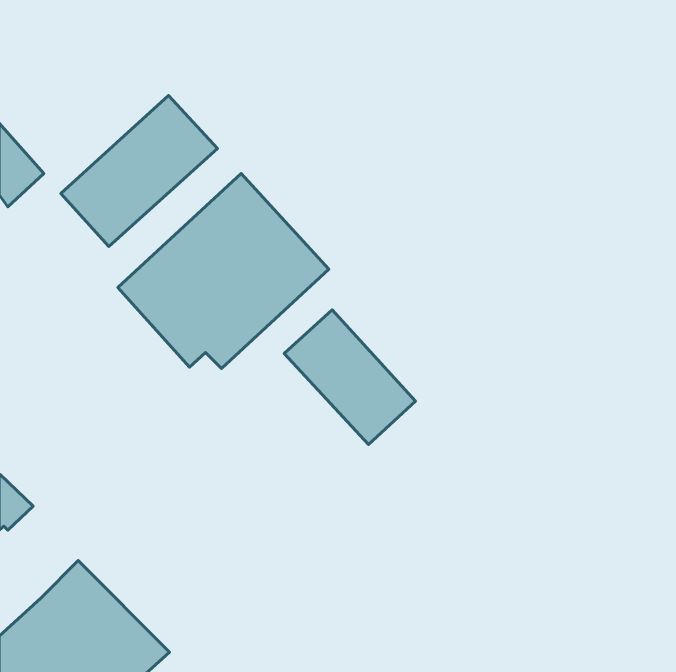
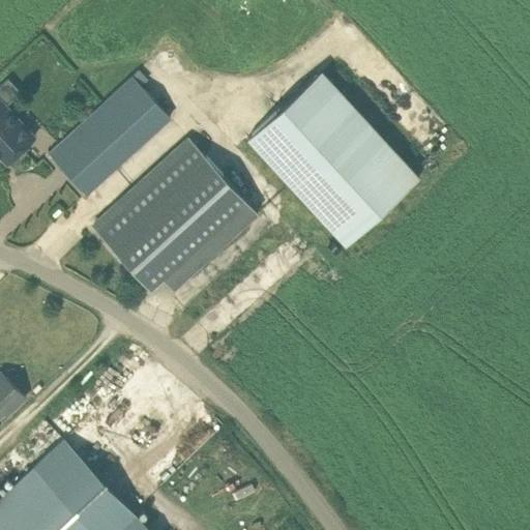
building: none -> [247,72,419,246]
building: [284,310,415,445] -> none

